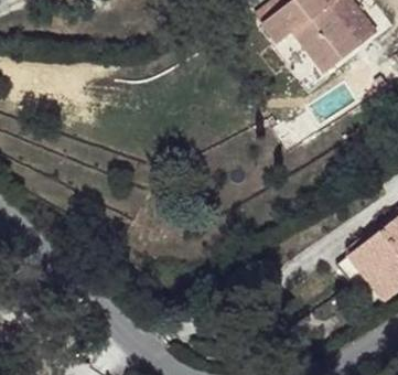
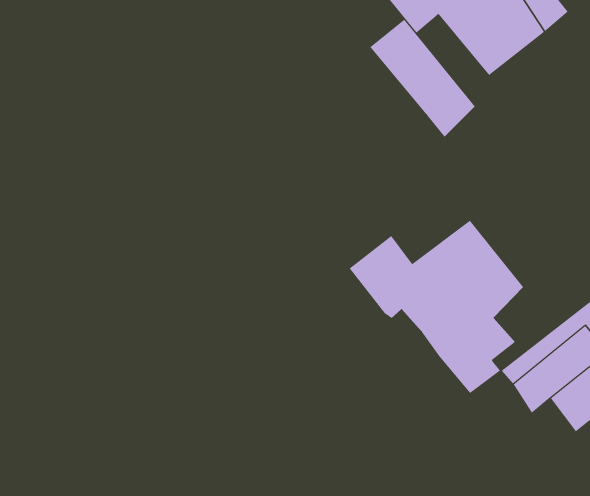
building: none -> [370,19,475,137]
building: none -> [349,220,524,394]

